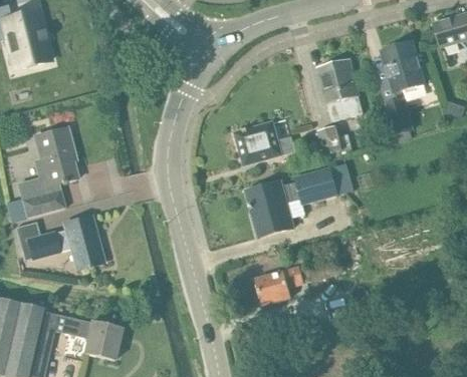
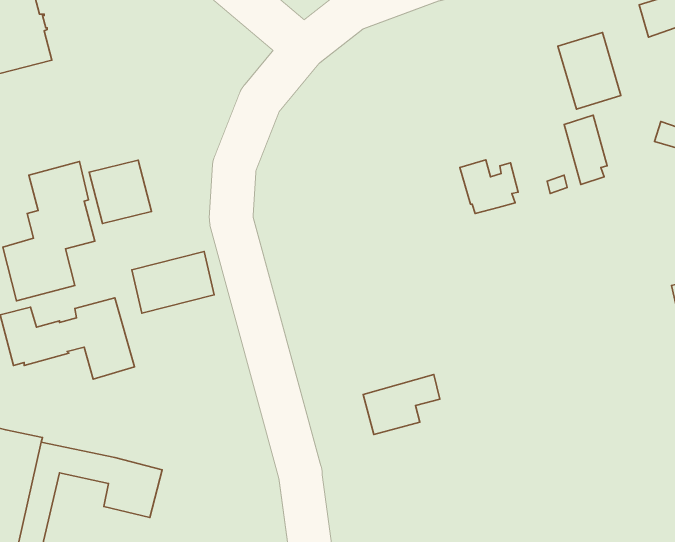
building: [316,57,364,119] -> none
building: [235,121,294,163] -> none
building: none -> [89,160,151,224]
building: [245,163,352,237] -> none
building: none -> [132,252,214,313]

